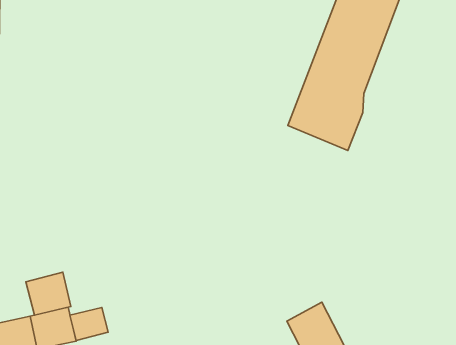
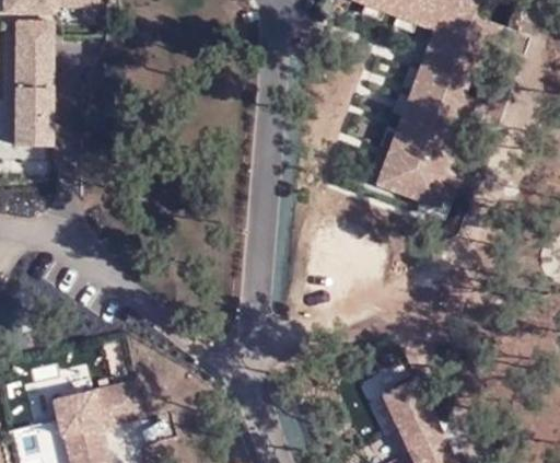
building: [26,272,71,315] -> none
building: [70,308,108,341] -> none

